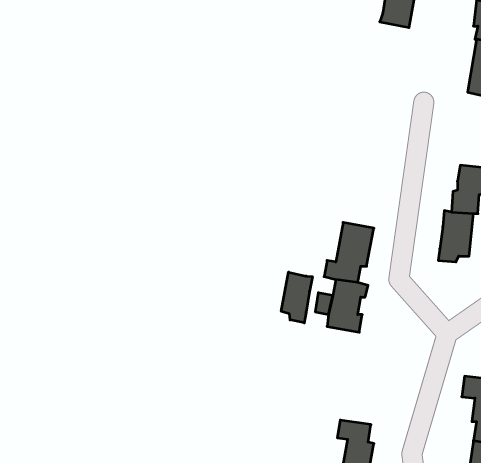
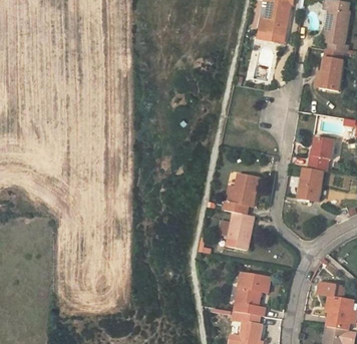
building: [281,272,312,323] -> none
building: none -> [232,273,265,316]

